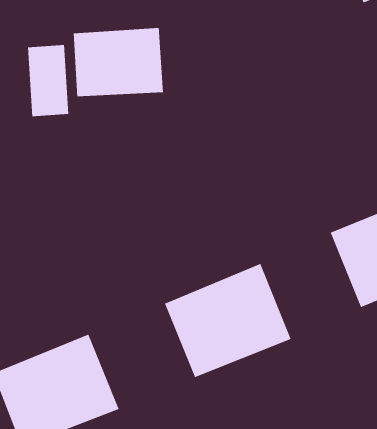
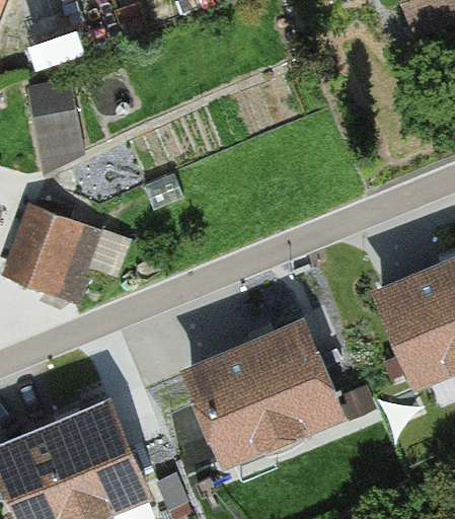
building: [73,27,164,97] -> none
building: none -> [8,208,100,299]

